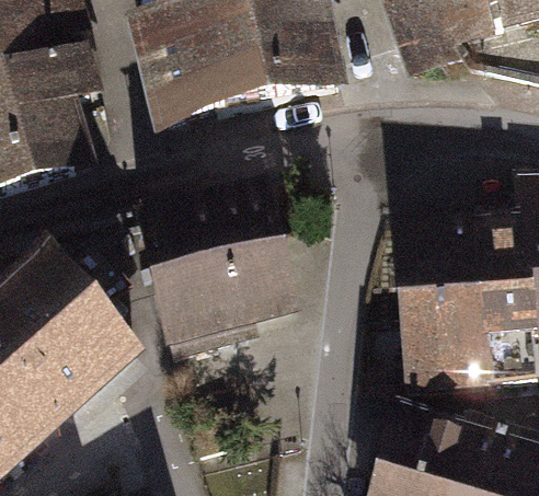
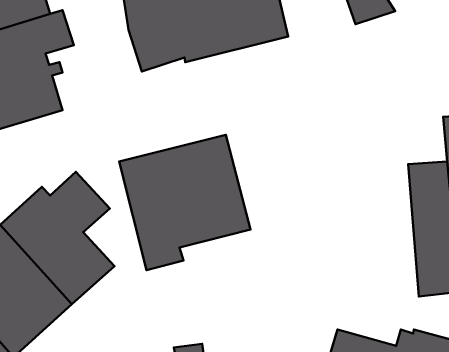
building: [398,234,491,393] -> none

